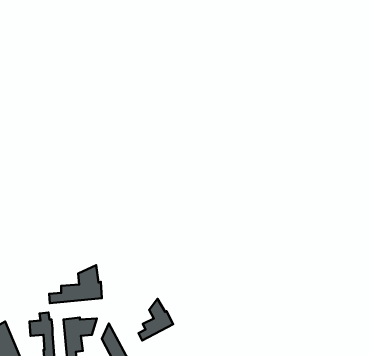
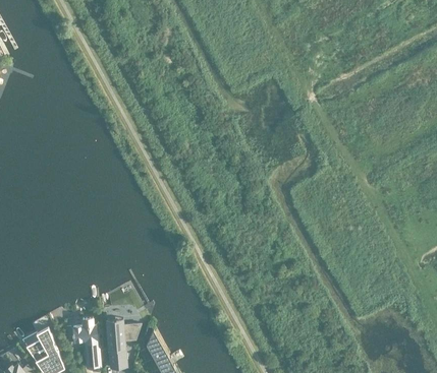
building: [49,265,102,303] -> none
building: [138,299,173,341] -> none

